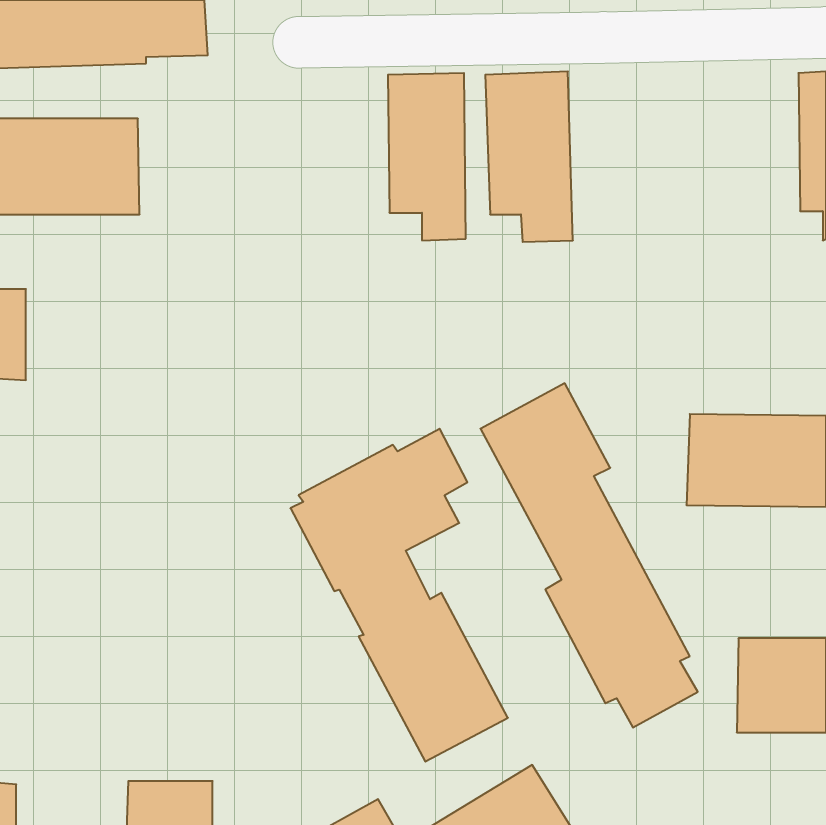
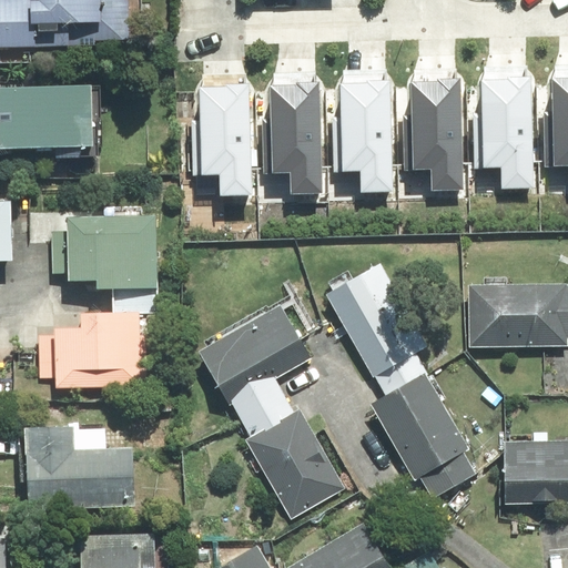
building: none -> [471,53,535,164]
building: none -> [187,55,247,181]
building: none -> [404,57,459,168]
building: none -> [69,209,162,292]
building: none -> [39,310,149,392]
building: none -> [27,423,138,510]

